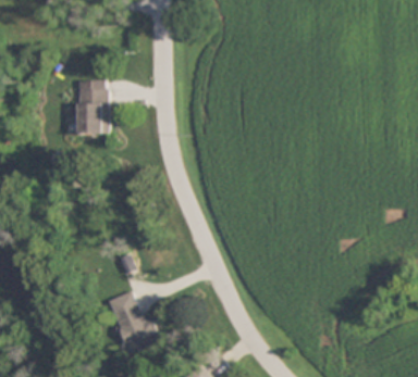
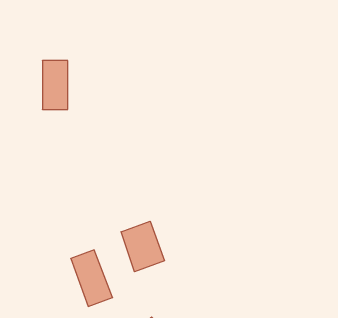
building: none -> [121,221,165,272]

